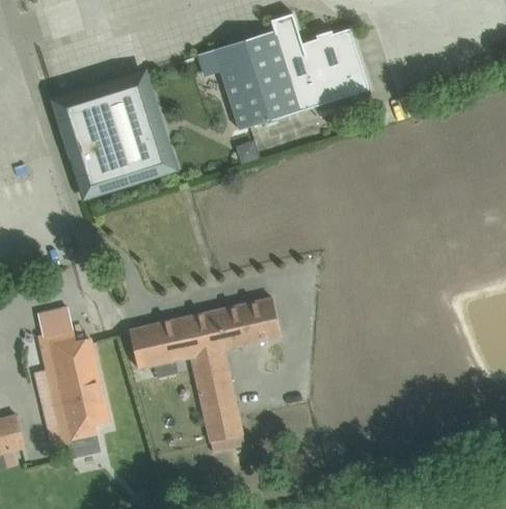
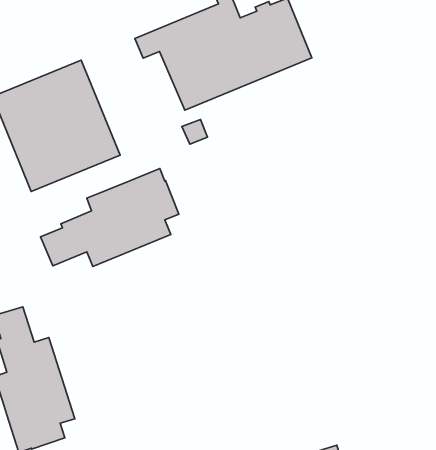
building: none -> [40,168,179,266]
building: [130,297,282,453] -> none

